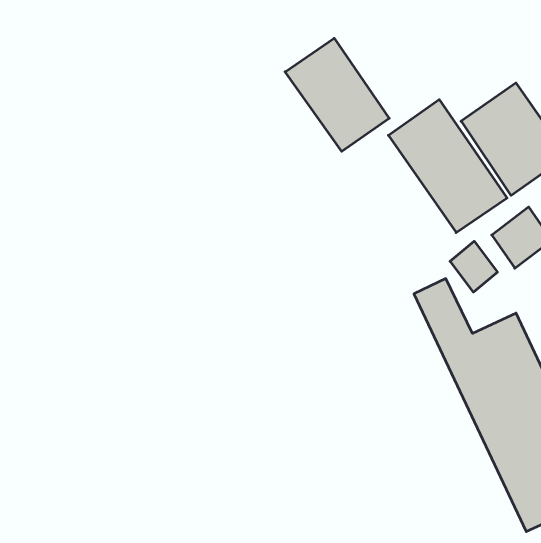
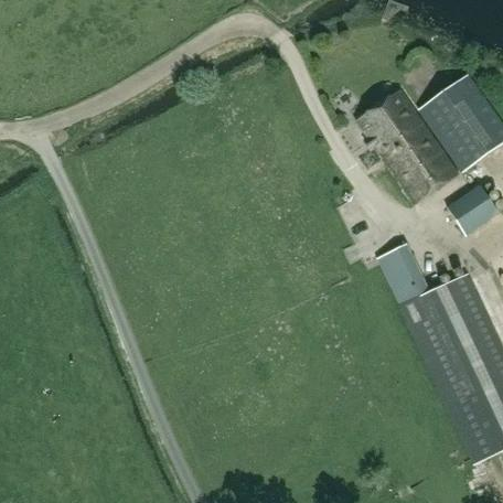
building: [285,38,389,151] -> none
building: [450,241,497,292] -> none

